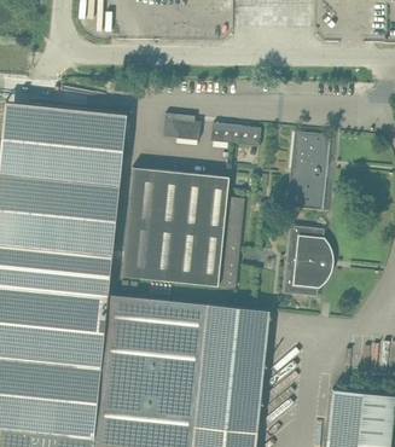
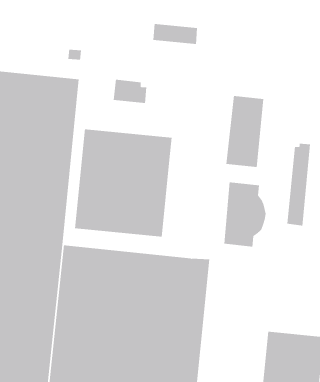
building: [211,124,261,147] -> [153,23,198,44]
building: [217,199,244,290] -> [287,143,311,226]

